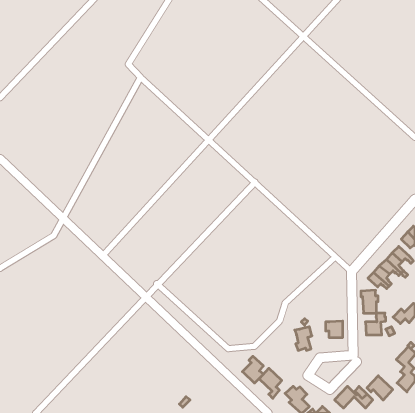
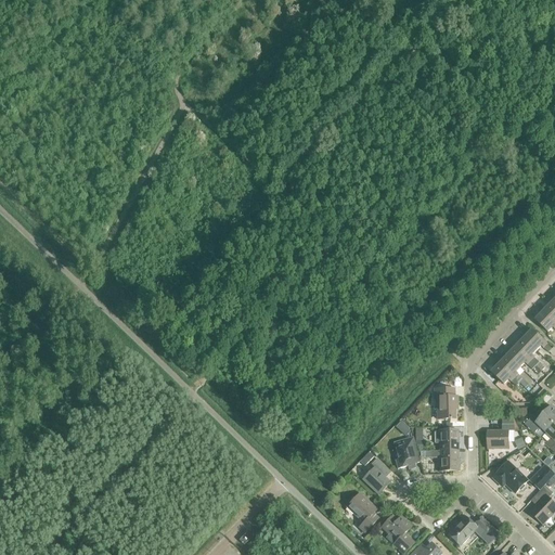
building: [361,290,378,313] -> [434,387,456,417]
building: none -> [429,449,457,469]
building: [242,356,263,383] -> [362,456,390,492]
building: [367,376,393,400] -> [493,460,528,492]

